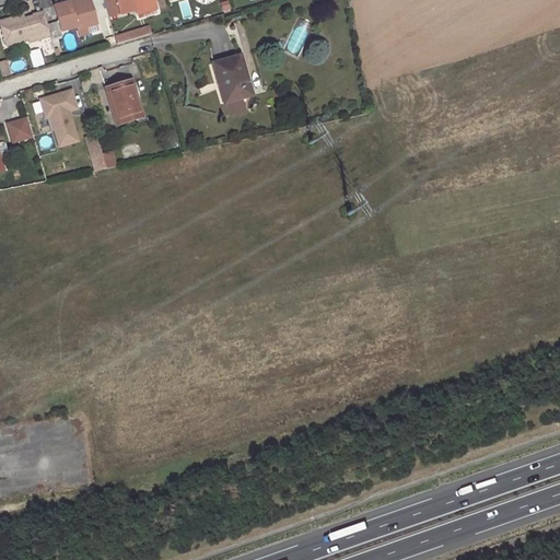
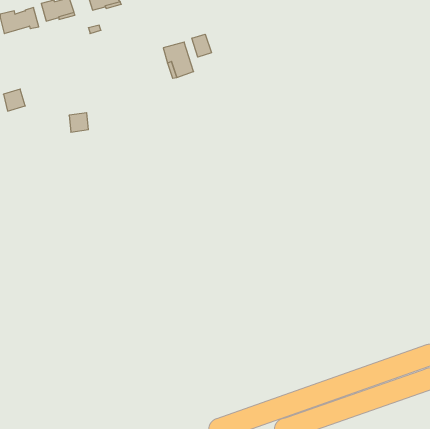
building: none -> [192,34,211,57]
building: [105,79,142,125] -> none
building: [38,88,83,145] -> none

